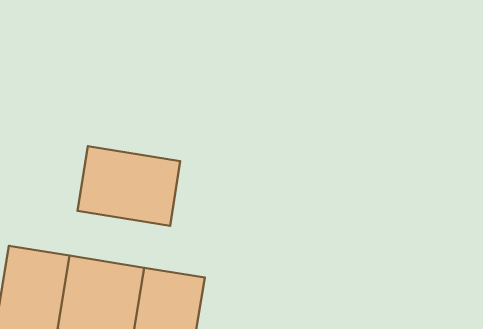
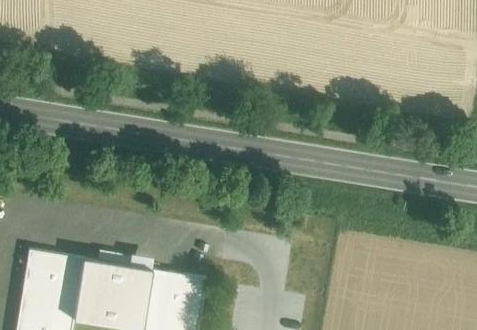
building: [78,146,180,226] -> none

